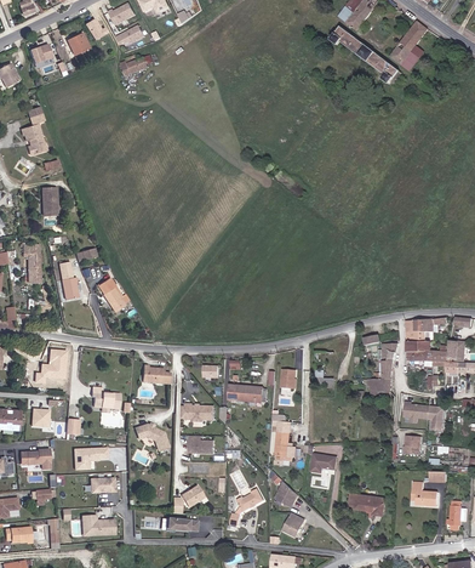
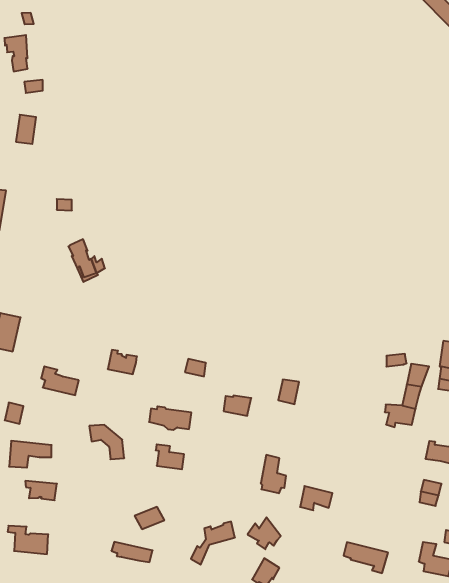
building: [58,260,79,299] -> none

